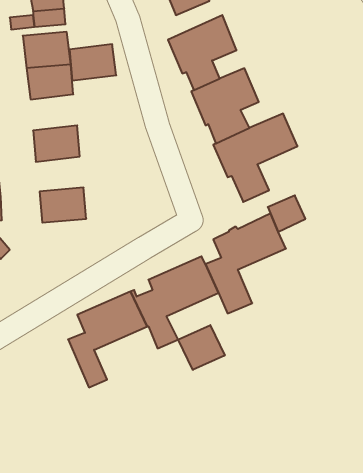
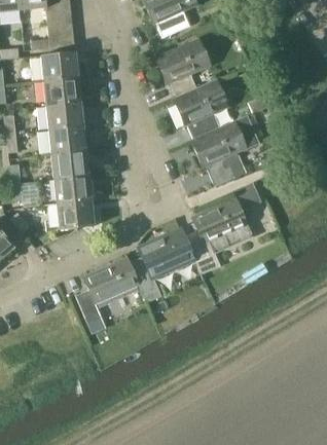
building: [70,44,116,81] -> [46,101,83,129]
building: none -> [50,150,88,178]
building: none -> [56,199,94,228]
building: [178,325,225,370] -> none

